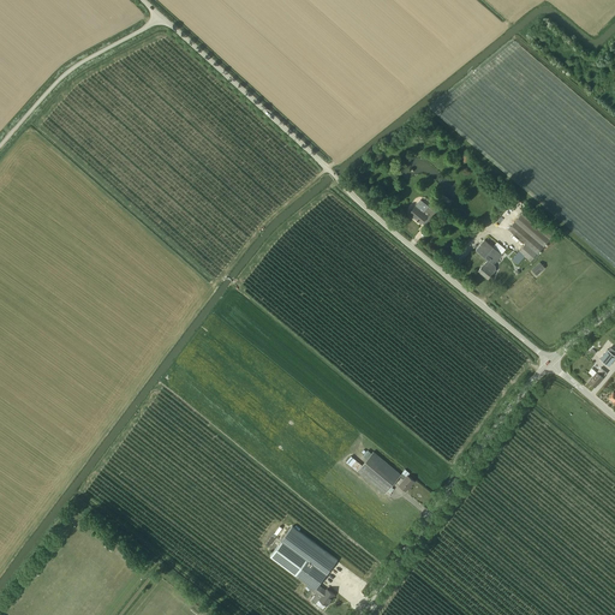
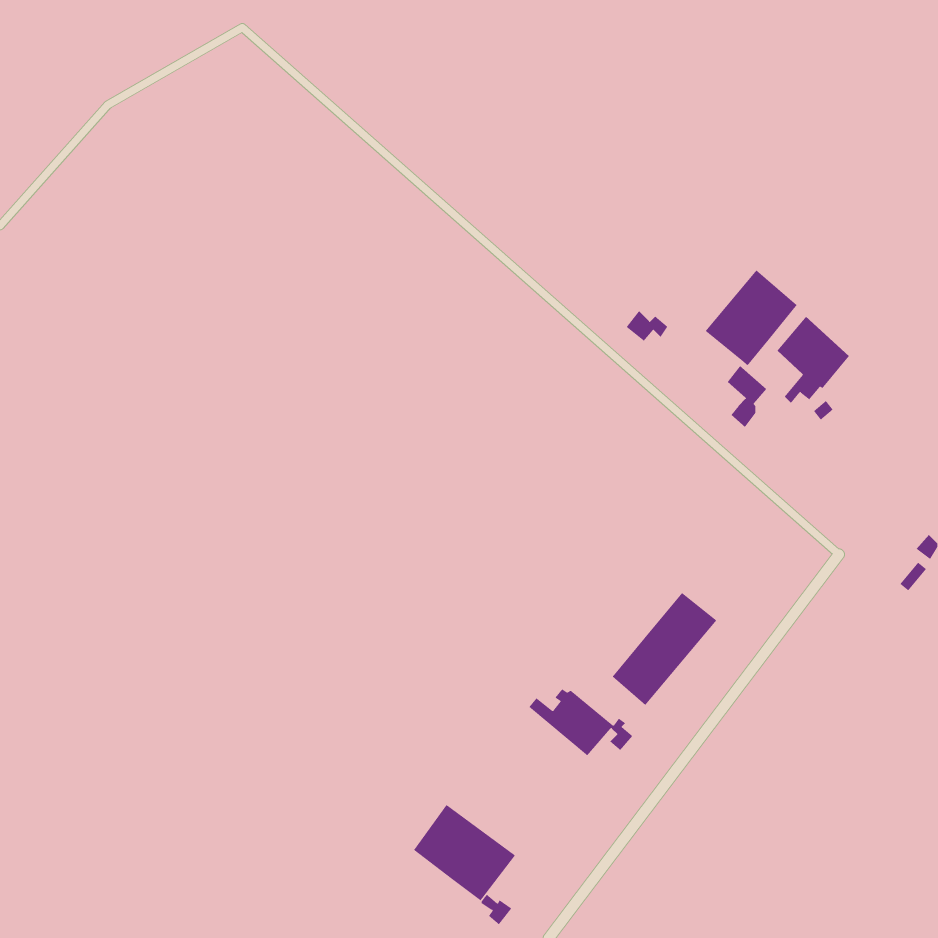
building: none -> [705,270,798,366]
building: none -> [612,592,717,706]

